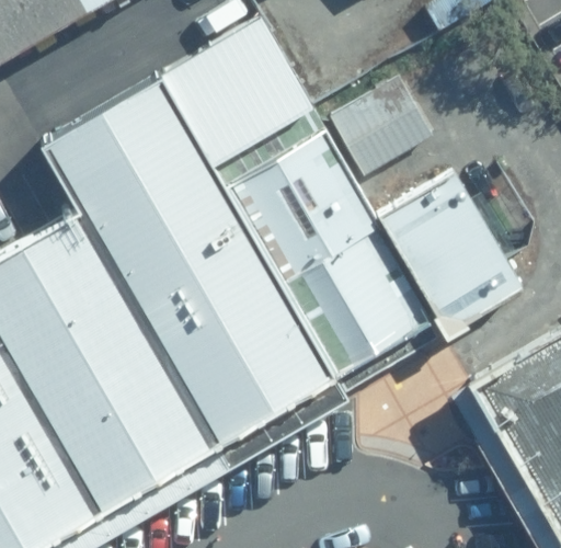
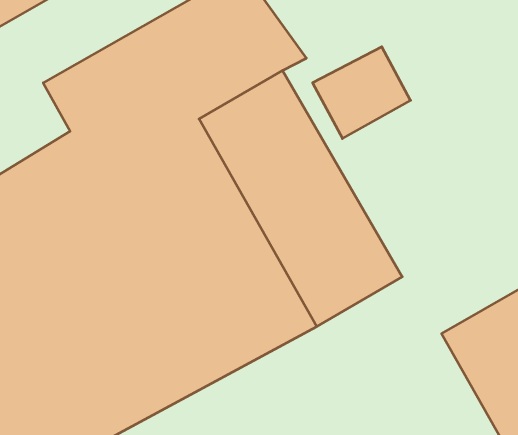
building: [385,176,528,339] -> none

